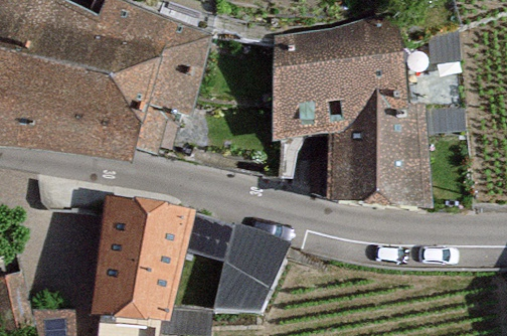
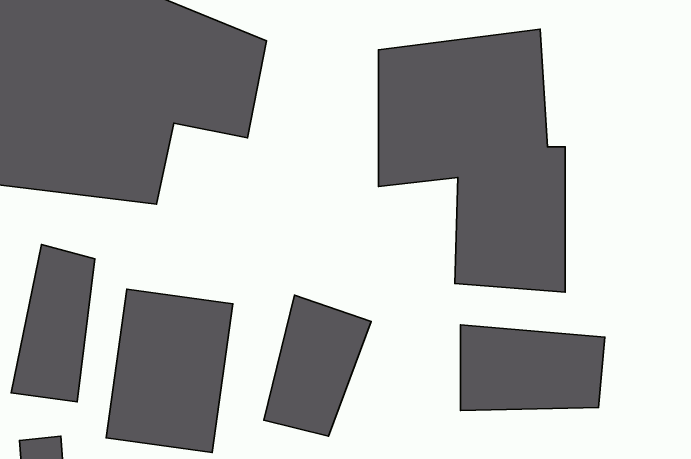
building: none -> [11,245,95,402]
building: none -> [461,325,605,410]

